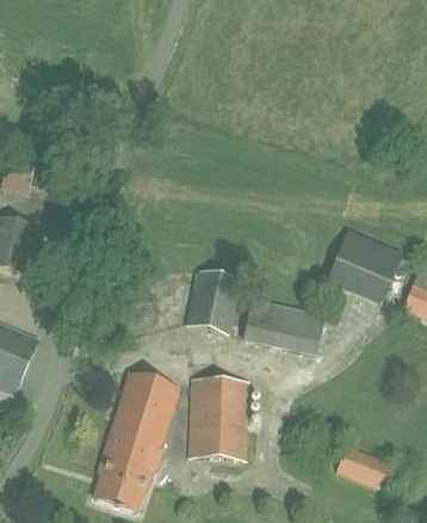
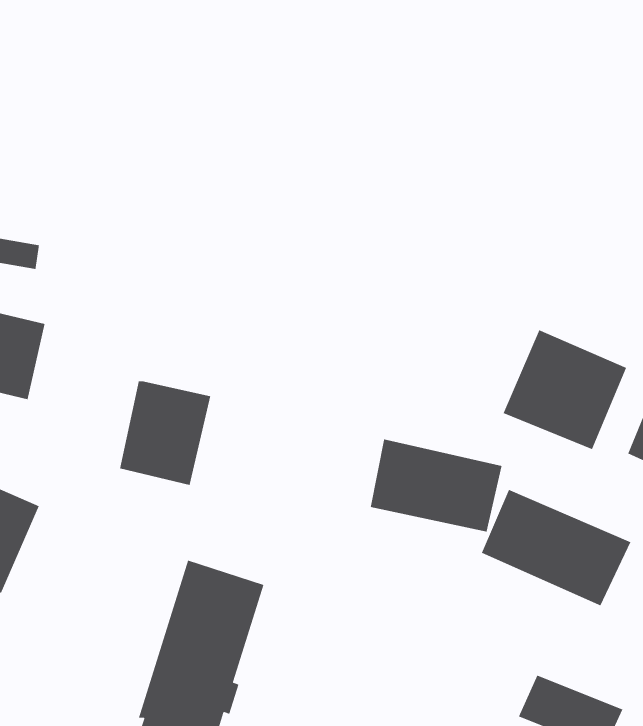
building: [184,269,241,334] -> [119,380,211,486]
building: none -> [481,489,631,607]
building: [187,376,249,460] -> none

